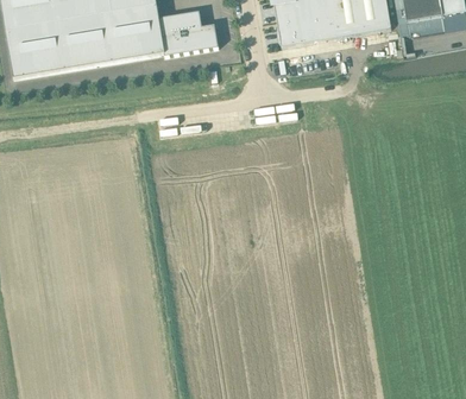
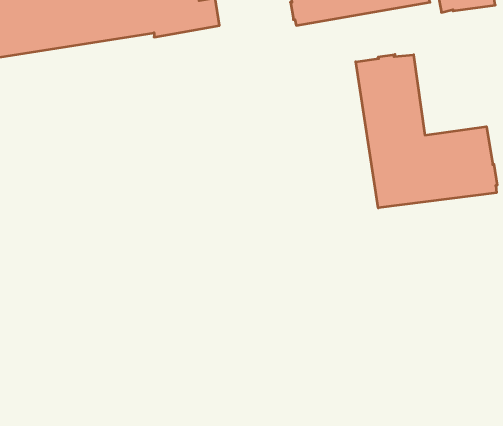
building: none -> [356,54,497,208]

